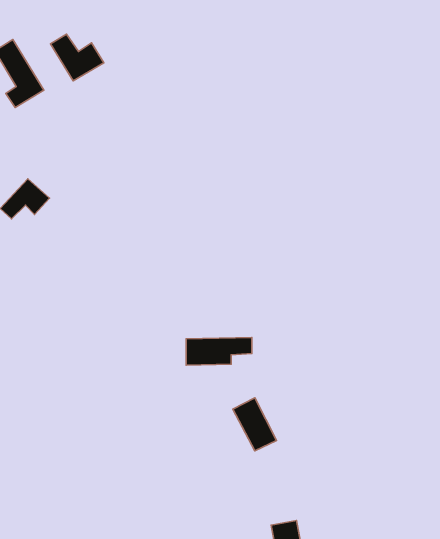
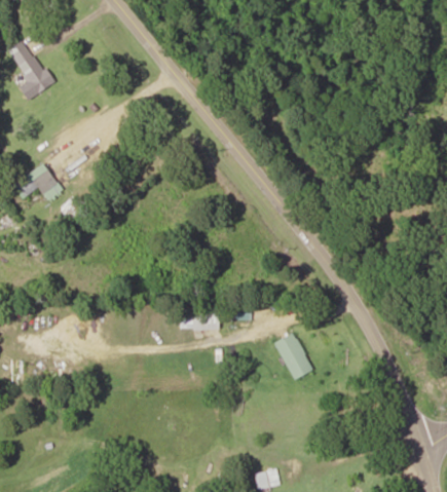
building: [51,34,104,81] -> none
building: [233,398,277,451] -> [275,333,314,380]

